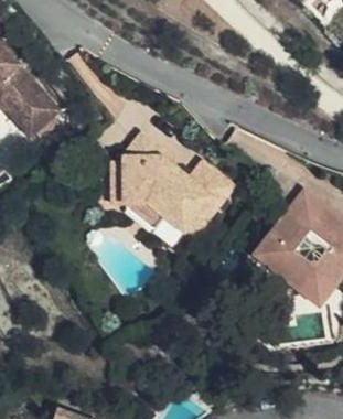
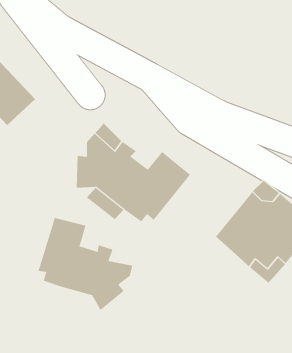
building: none -> [38,217,133,311]

